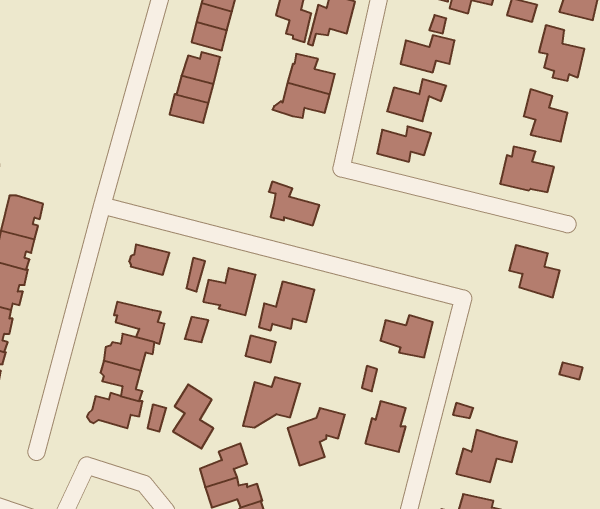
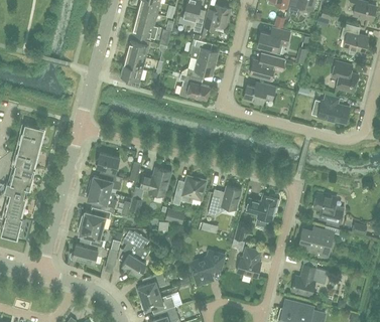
building: [269,182,319,225] -> [178,72,209,99]
building: [509,245,560,297] -> [312,192,343,223]
building: none -> [88,173,122,192]
building: none -> [298,228,333,255]
building: [243,377,300,428] -> [207,185,241,215]

